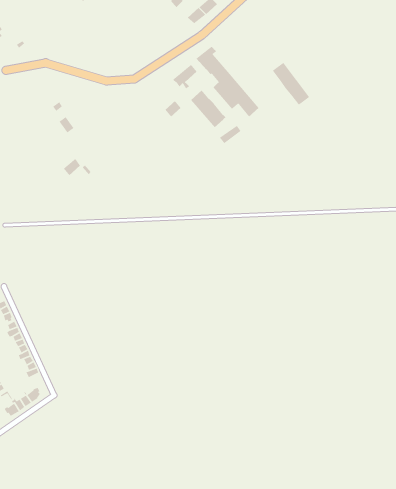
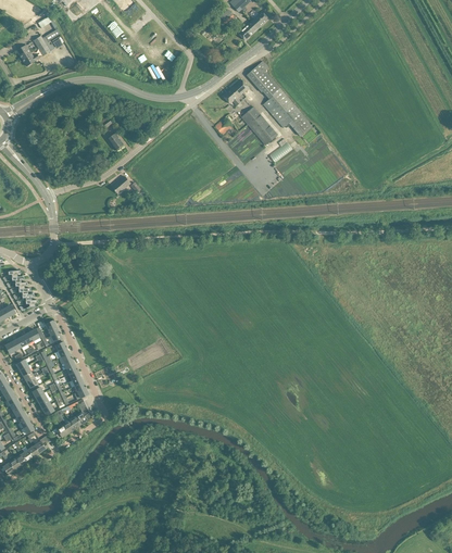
building: [272,62,310,106] -> none

